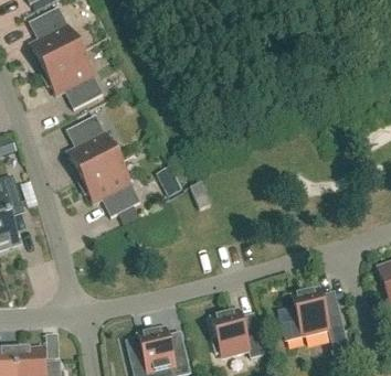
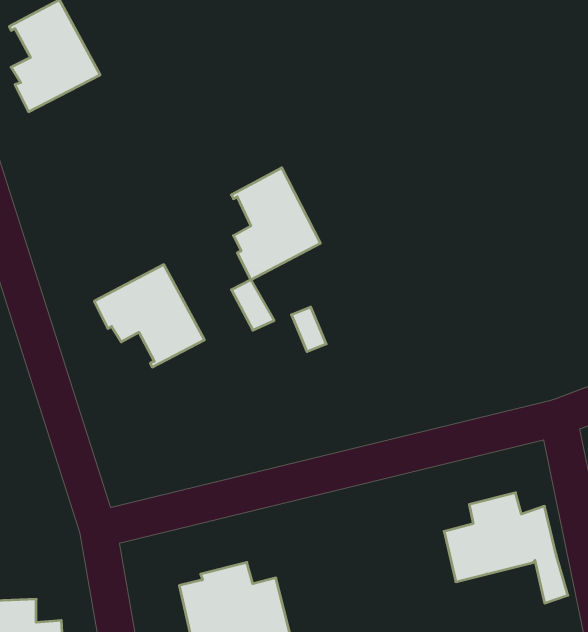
building: [40,50,103,108] -> none
building: [66,115,117,179] -> [231,168,320,280]
building: [211,310,264,356] -> none

